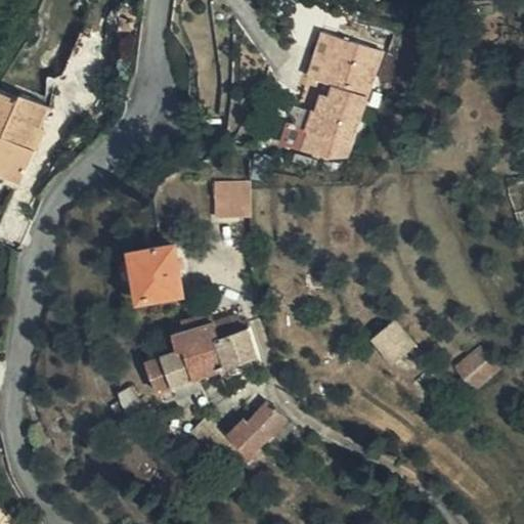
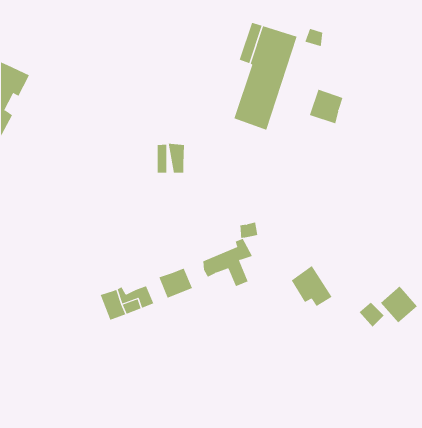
building: none -> [309,89,343,124]
building: [125,248,176,300] -> none
building: [162,315,222,374] -> [202,238,253,287]
building: [223,403,273,453] -> none

